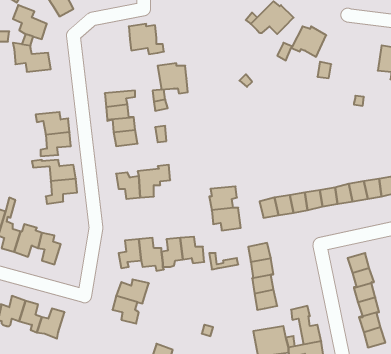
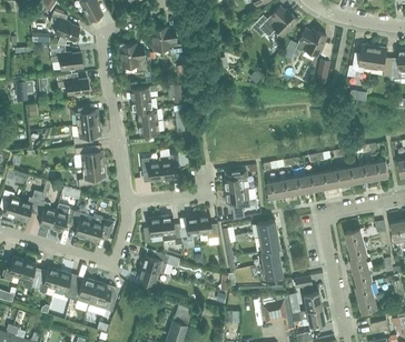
building: none -> [347,46,375,78]
building: [158,63,188,93] -> [119,44,146,71]
building: none -> [57,74,89,95]
building: none -> [86,214,112,243]
building: none -> [88,282,116,312]

